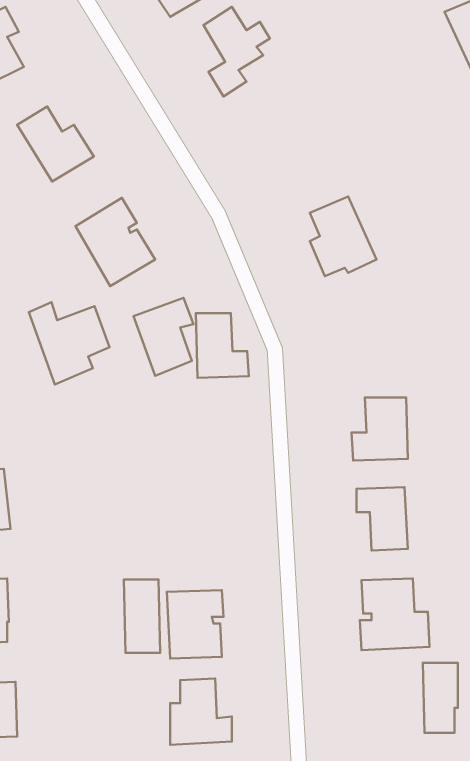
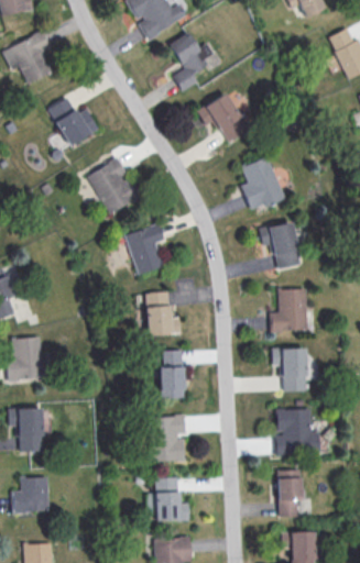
building: none -> [198,92,259,140]
building: none -> [260,221,302,268]
building: [29,302,109,385] -> none
building: [196,313,249,378] -> [146,291,182,334]
building: [124,580,160,653] -> [161,350,185,398]
building: [423,663,458,733] -> [277,470,301,516]

